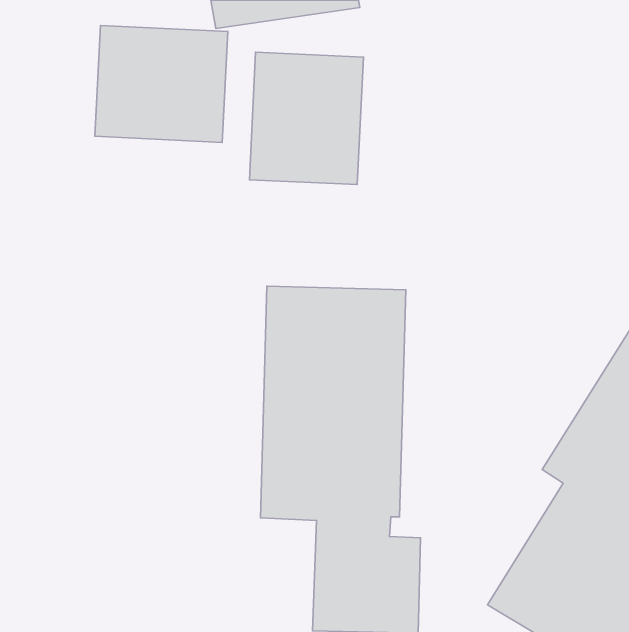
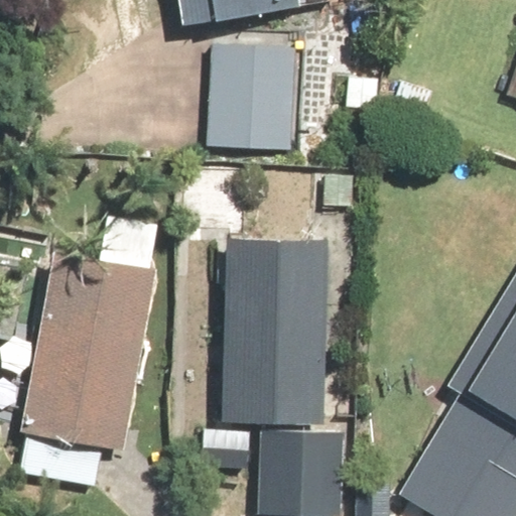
building: [95,25,228,142] -> none
building: none -> [17,252,157,450]

